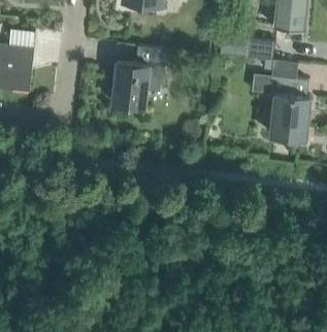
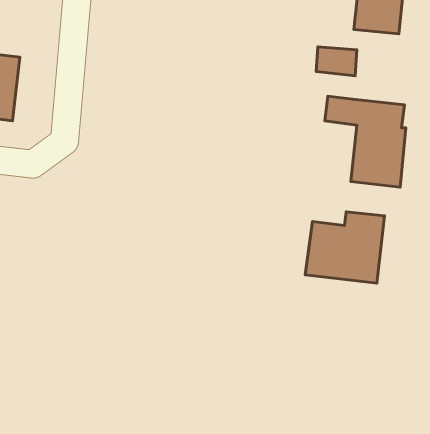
building: [111,48,164,107] -> none
building: none -> [305,212,385,283]

